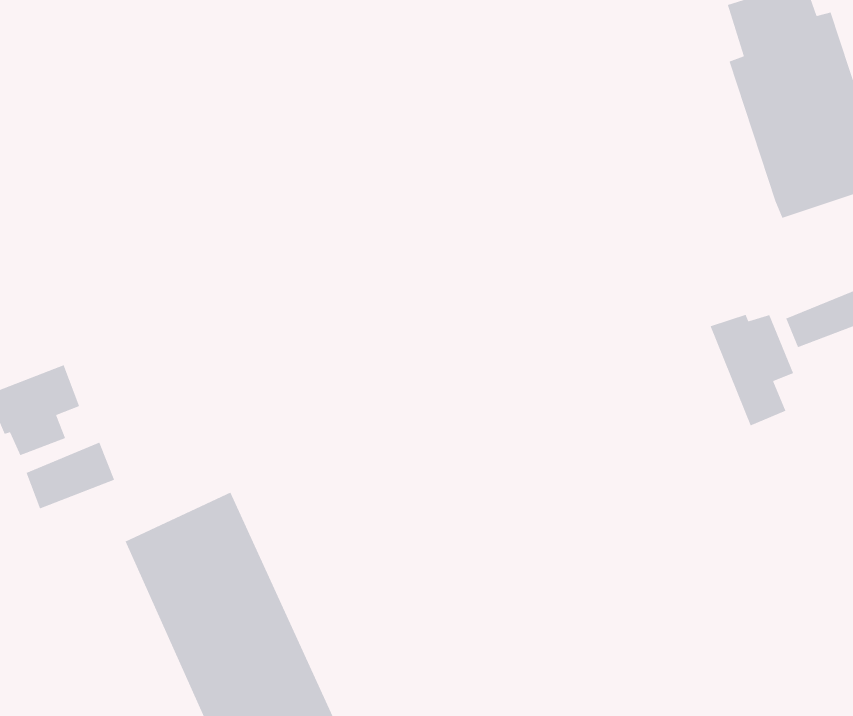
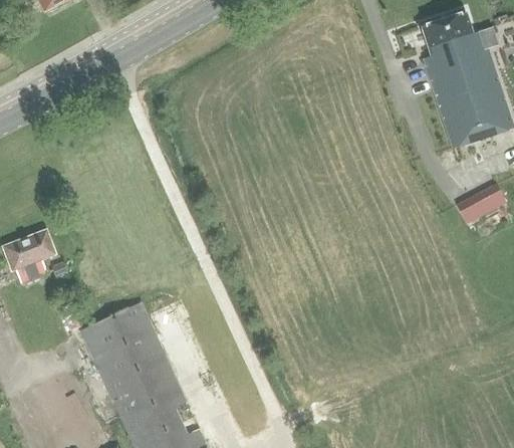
building: [710,314,794,426] -> none
building: [25,442,115,509] -> none

